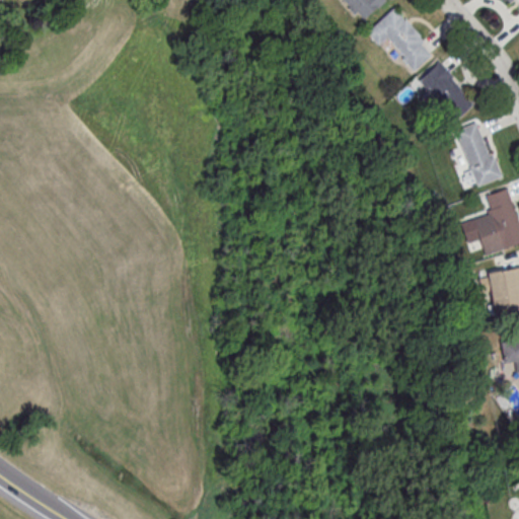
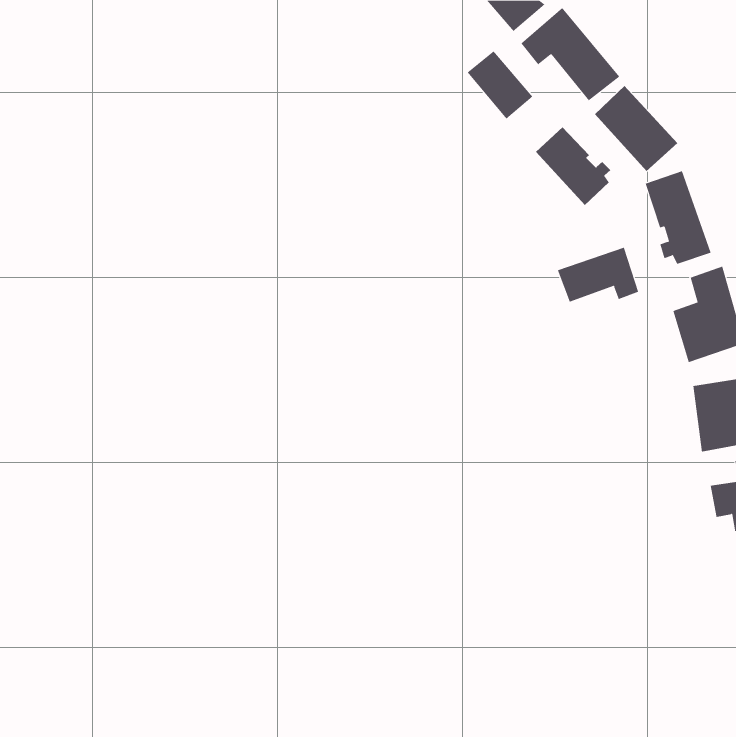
building: none -> [467,51,533,120]
building: none -> [535,127,611,206]
building: none -> [557,247,639,302]

